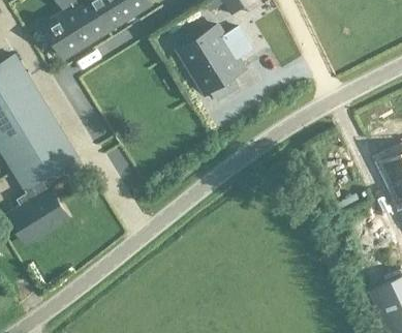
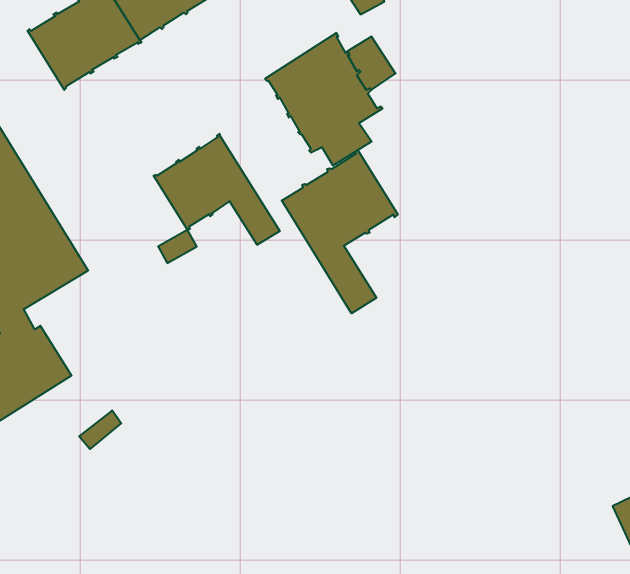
building: none -> [154,134,280,245]
building: none -> [282,150,398,313]

